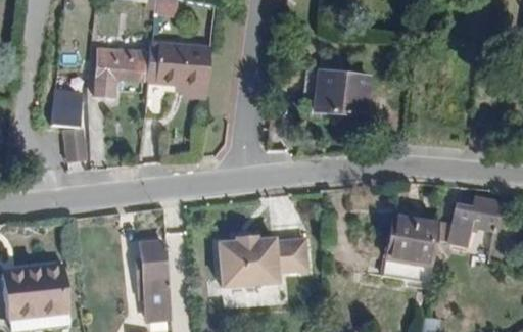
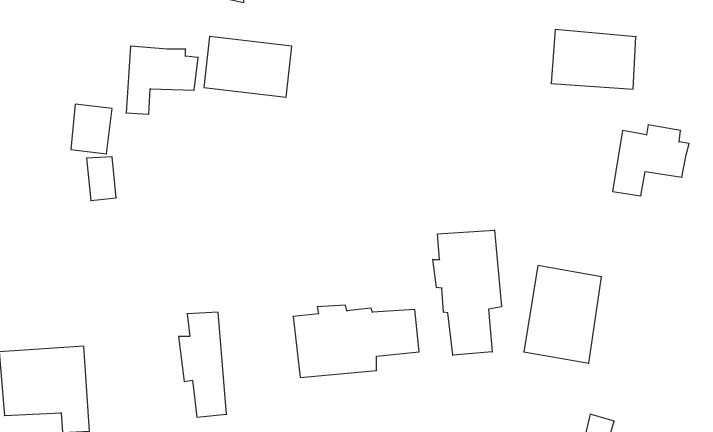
building: [316,70,377,113] -> [551,30,636,89]
building: none -> [433,230,501,355]
building: [449,197,505,248] -> [613,125,689,196]

